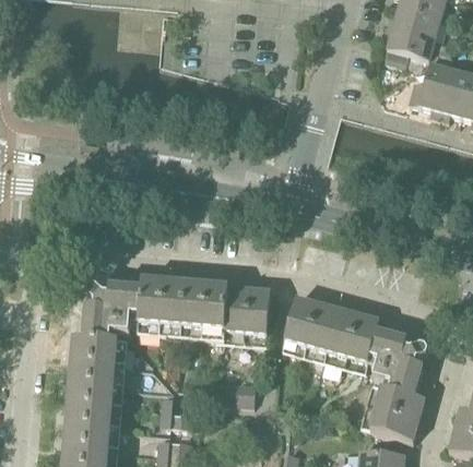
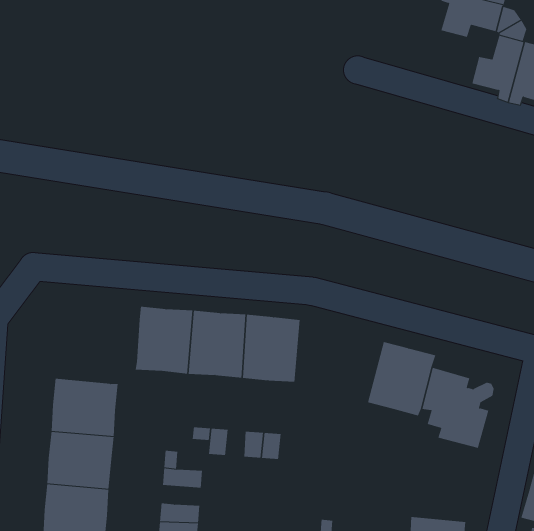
building: [84,286,141,342] -> none
building: [283,296,338,357] -> none
building: [364,383,425,440] -> none

